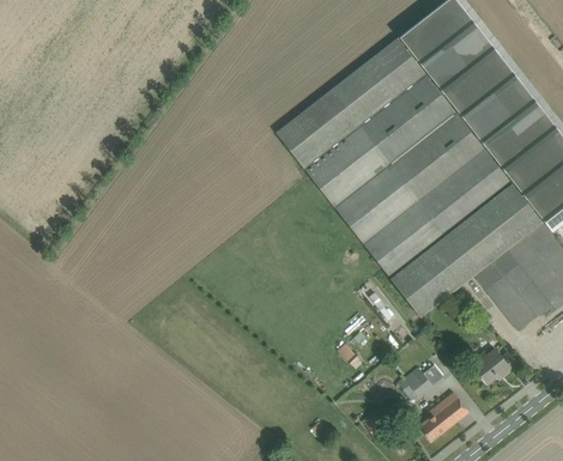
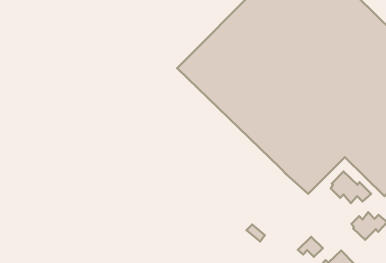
building: none -> [331,172,371,203]

